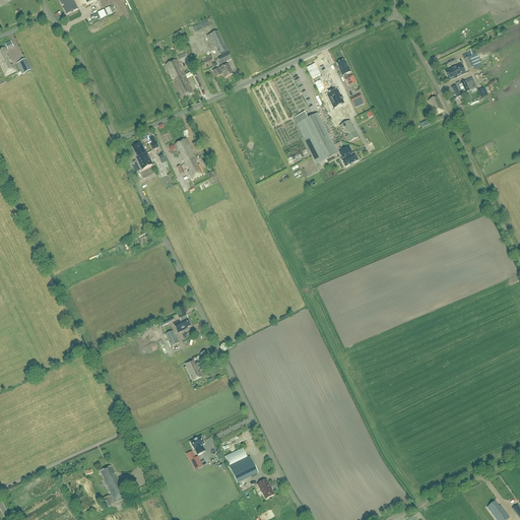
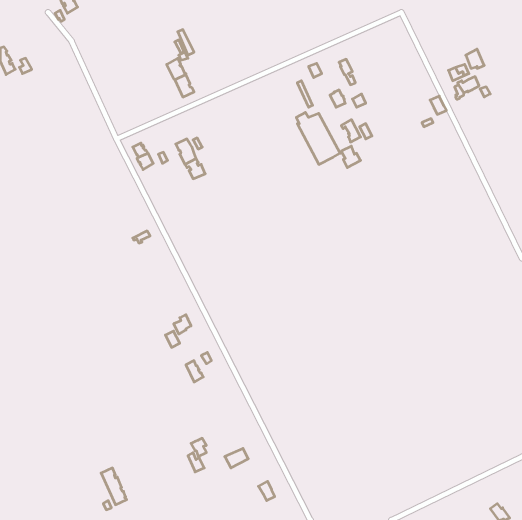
building: [207,29,233,77] -> none
building: [230,456,258,482] -> none

